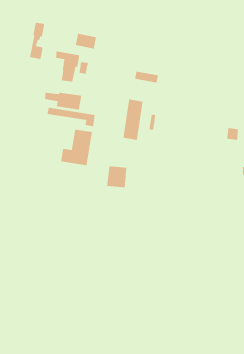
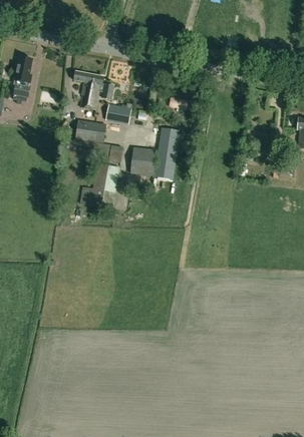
building: [29,22,45,60] -> [13,56,32,101]
building: [75,33,97,50] -> [105,103,131,123]
building: [106,165,127,188] -> [130,147,156,174]

